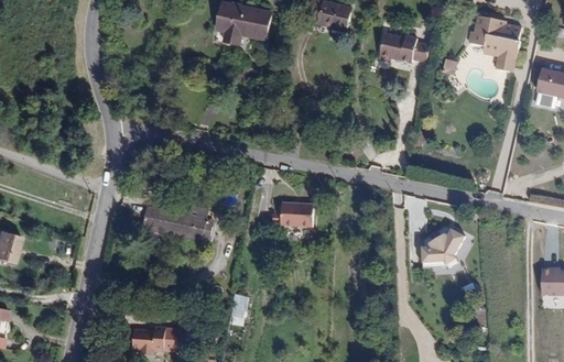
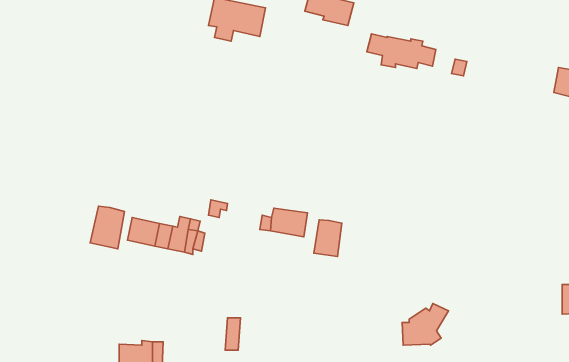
building: [467,17,522,73] -> none
building: none -> [90,206,125,249]
building: none -> [314,220,342,257]
building: [422,227,465,265] -> [402,304,448,345]

